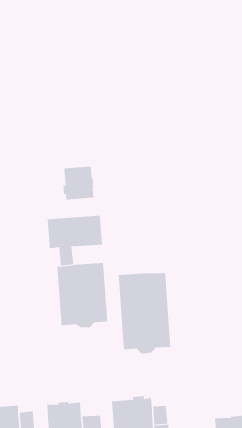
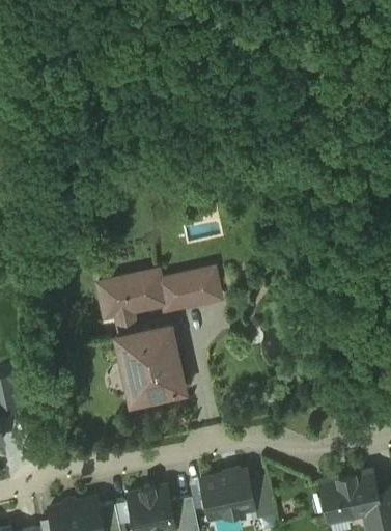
building: [63,166,94,200] -> none
building: none -> [173,271,220,309]
building: [118,272,171,354] -> none

